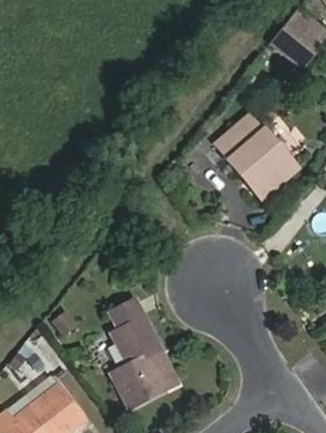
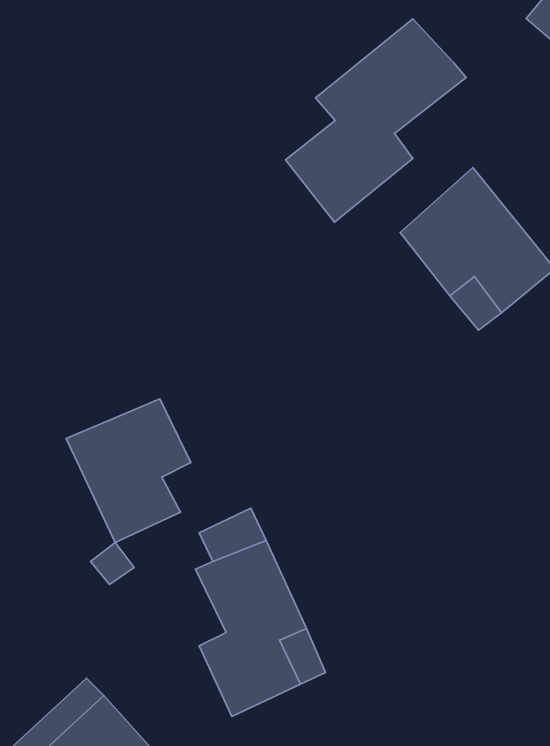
building: none -> [286,19,466,222]
building: none -> [66,399,191,542]

